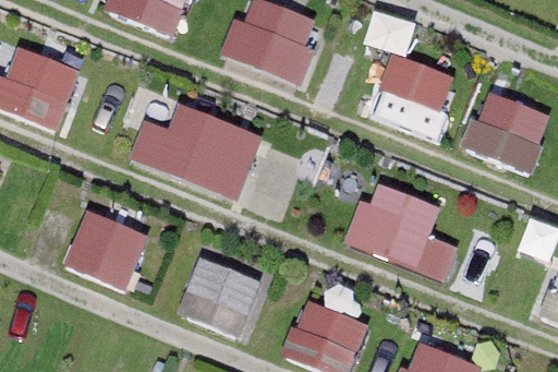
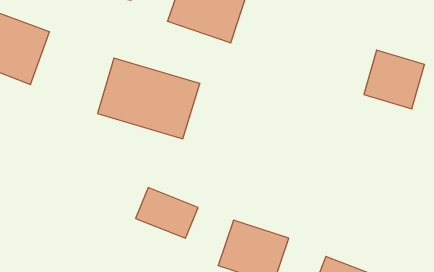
building: [373,57,456,133] -> none
building: [347,181,459,280] -> none
building: [65,212,149,290] -> none

